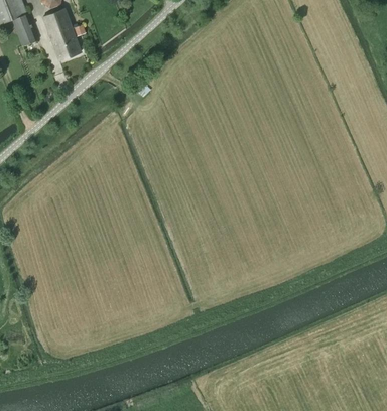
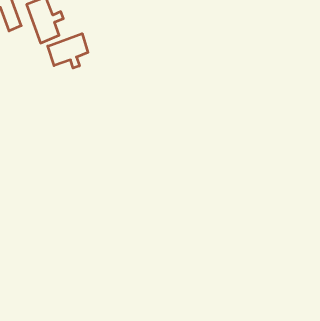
building: none -> [48,34,88,68]

